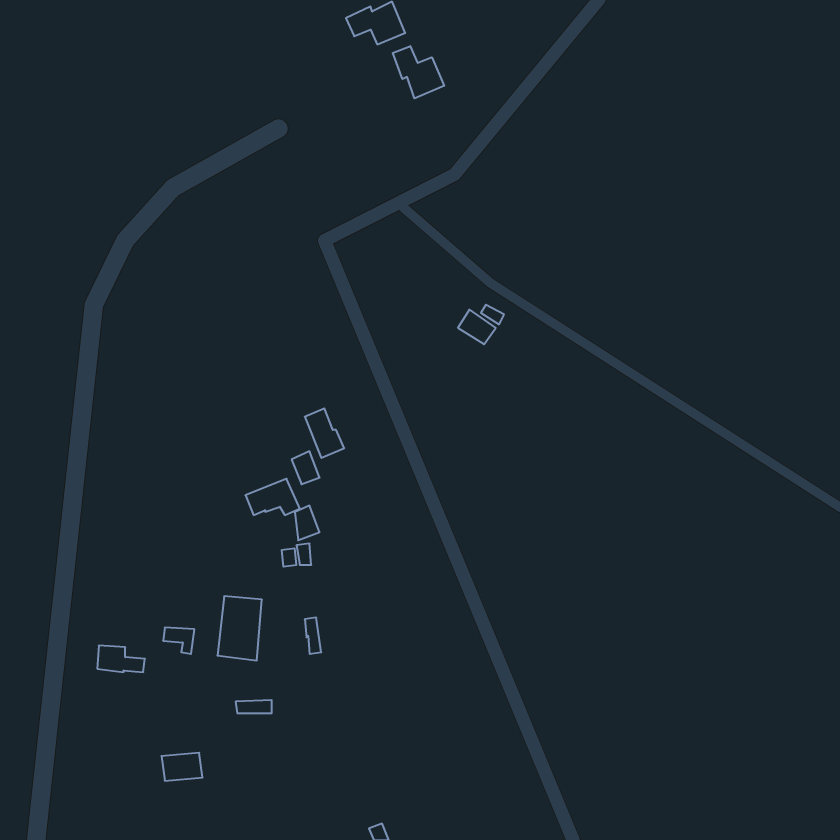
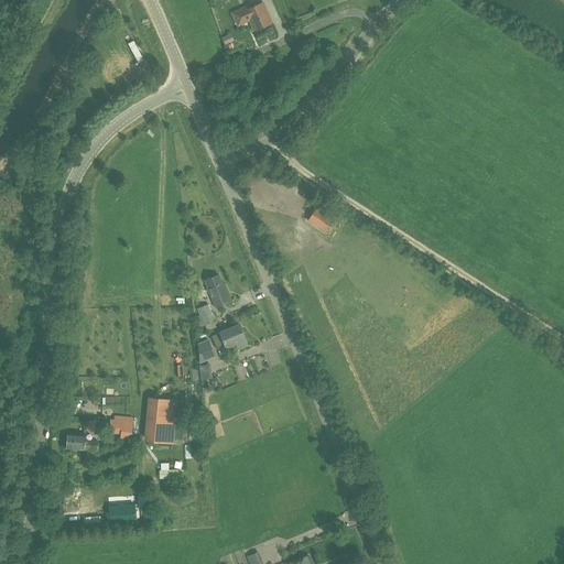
building: [393,46,444,98] -> none
building: [245,479,300,515] -> [210,324,247,348]

